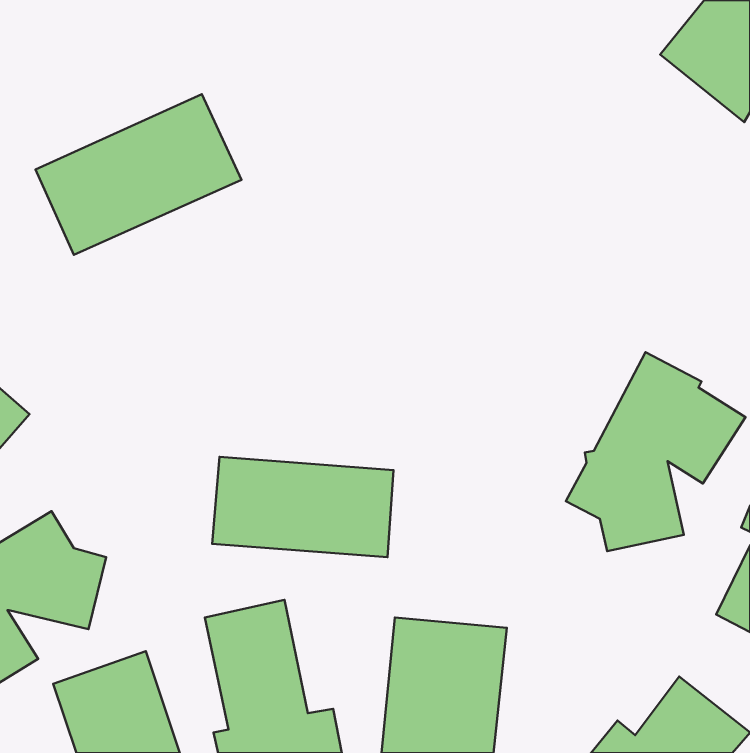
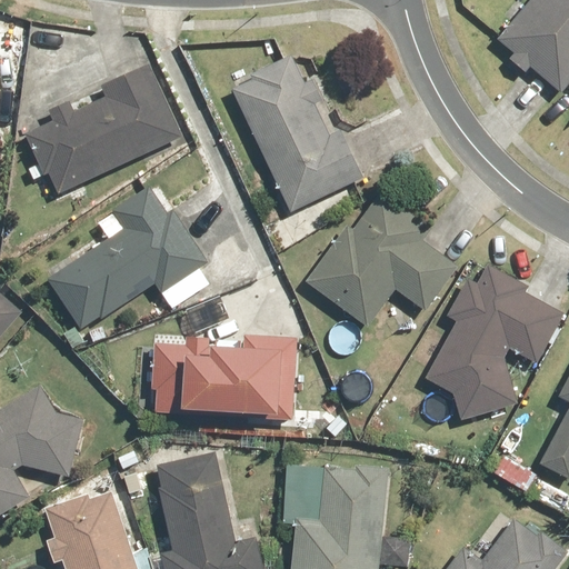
building: none -> [230,58,350,211]
building: none -> [49,189,207,329]
building: none -> [315,193,455,318]

